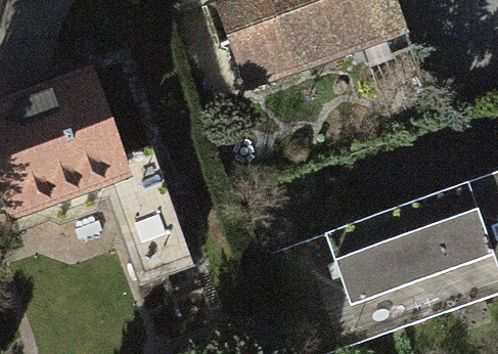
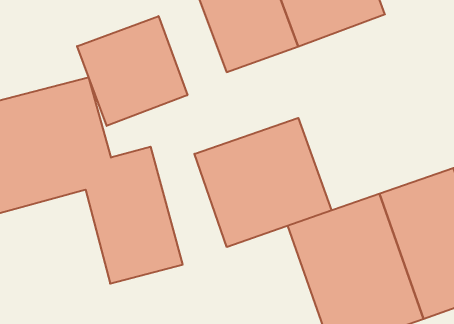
building: none -> [77,16,187,126]
building: none -> [194,118,332,247]

